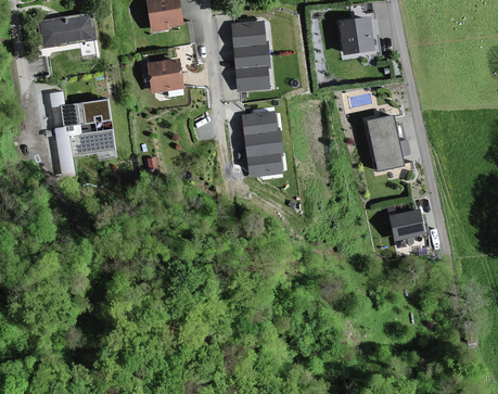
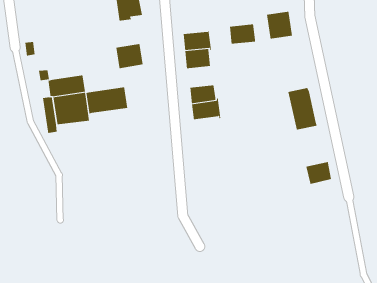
building: [39,15,94,46] -> none
building: [231,21,265,47] -> [229,24,256,44]
building: none -> [86,87,128,115]
building: [246,152,281,176] -> none

